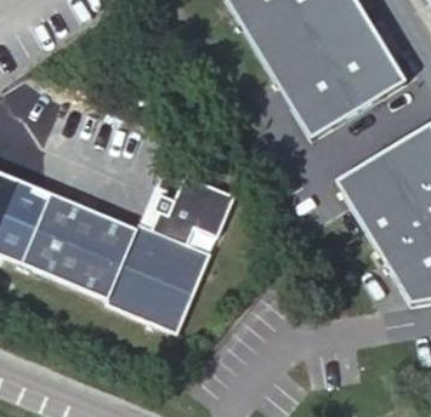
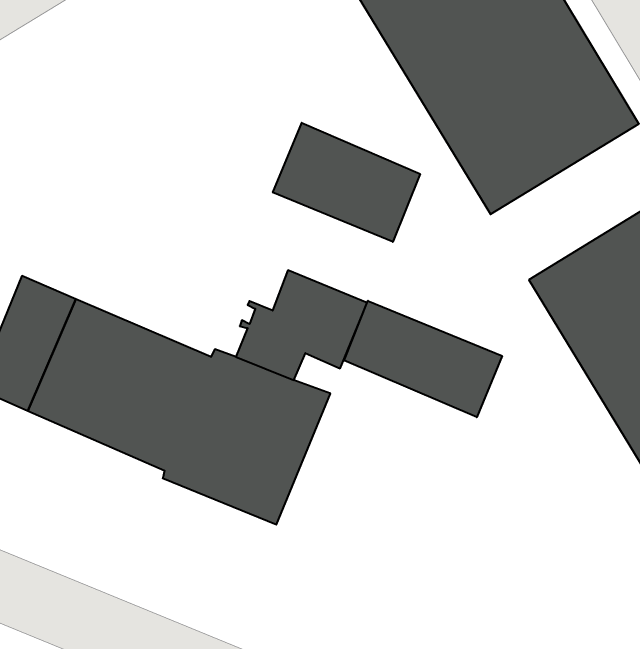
building: none -> [273,123,420,242]
building: none -> [344,301,502,417]

